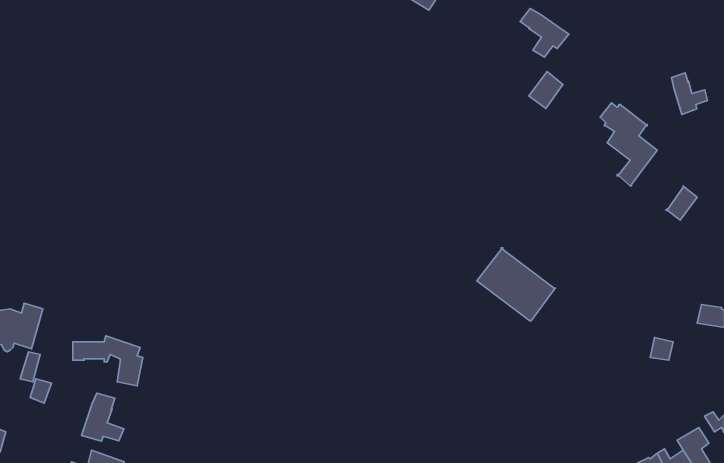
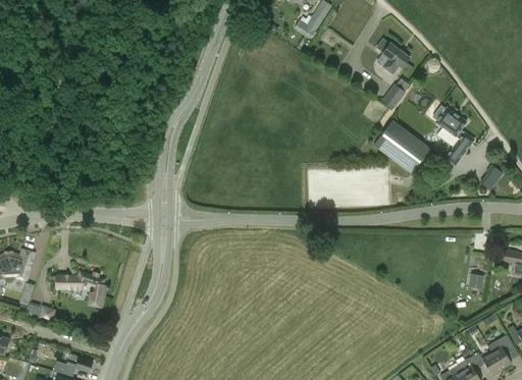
building: [672,73,708,114] -> none
building: [477,248,556,321] -> [373,121,429,173]
building: [82,393,124,441] -> none

